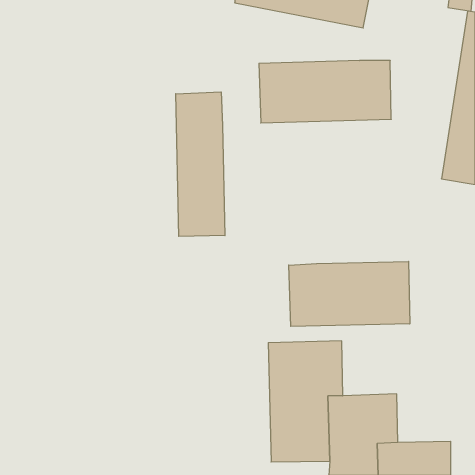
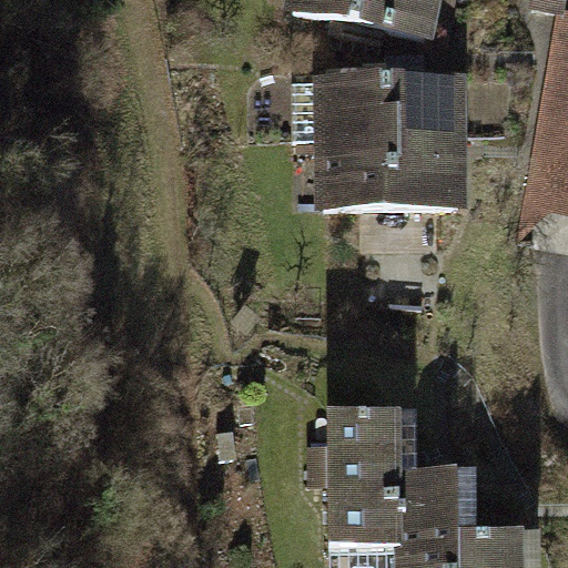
building: [176,92,225,236] -> none
building: none -> [311,142,467,216]
building: [289,261,410,326] -> none

